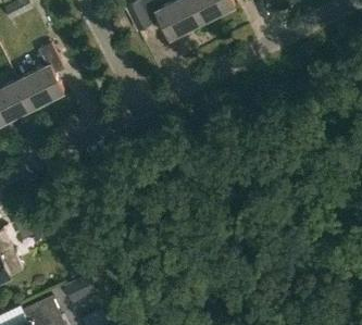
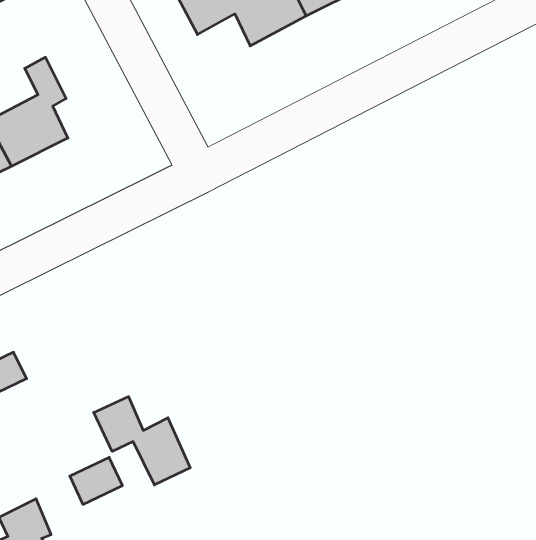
building: none -> [94,397,190,485]

